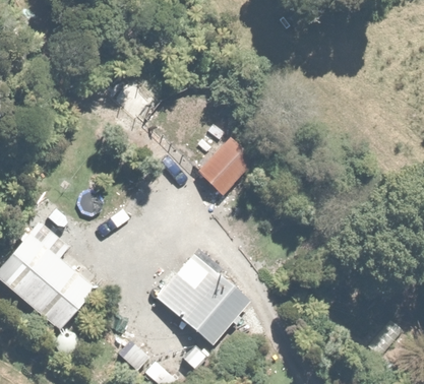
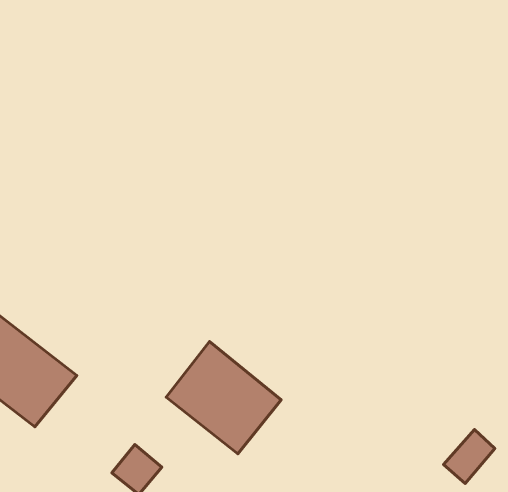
building: [198,144,251,197] -> none

